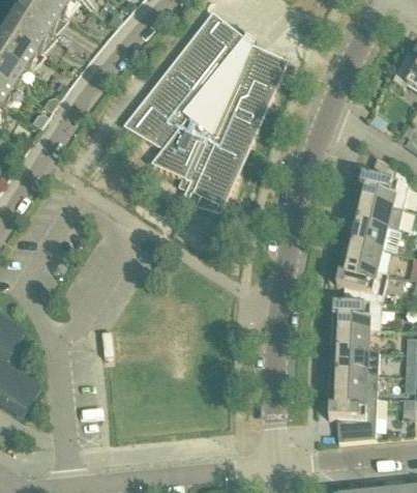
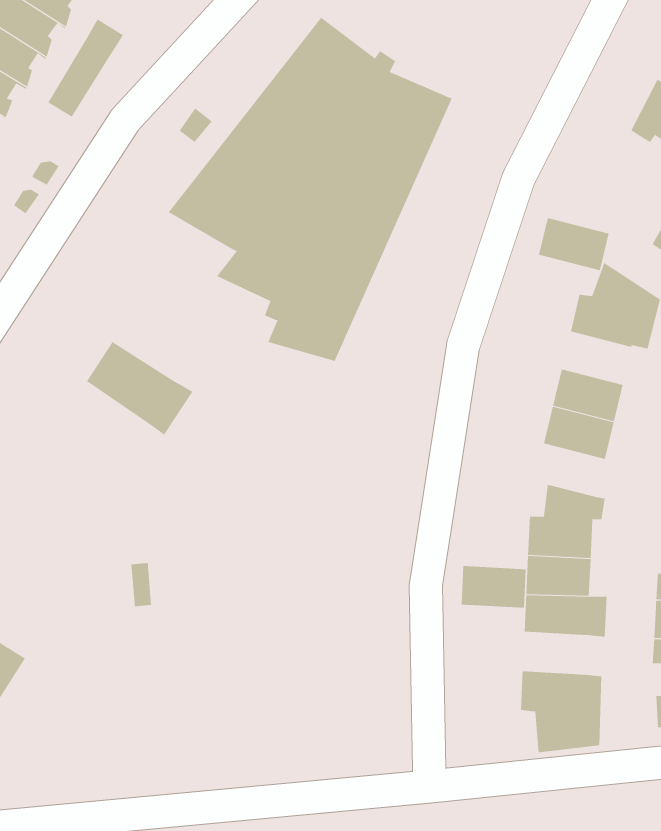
building: none -> [47,18,124,118]
building: [352,196,393,227] -> [538,218,609,271]
building: none -> [86,341,193,436]
building: [335,261,378,292] -> none
building: [329,371,367,396] -> [461,566,527,608]

